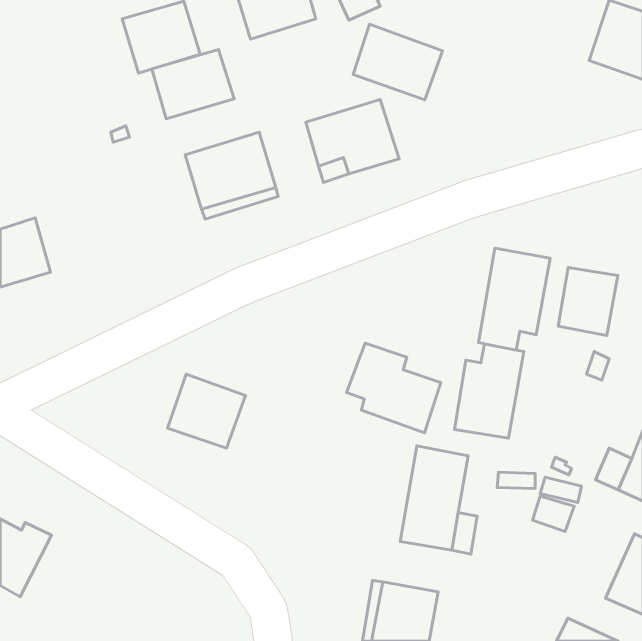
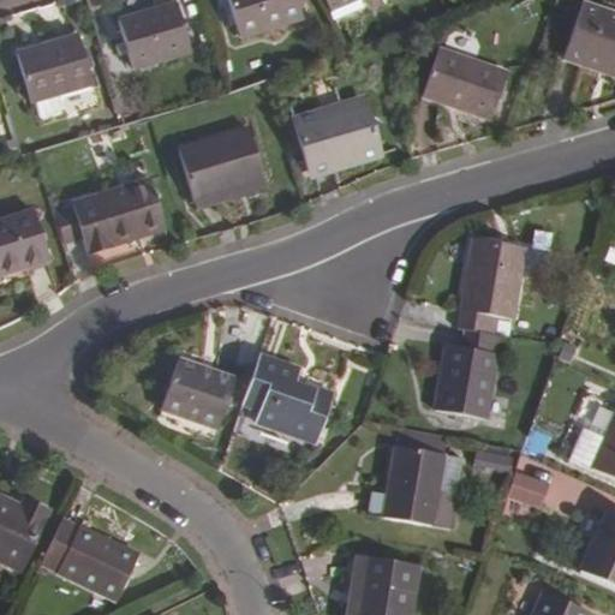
building: [353,24,443,100] -> [423,47,508,119]
building: none -> [17,34,92,101]
building: [152,50,234,119] -> none
building: none -> [53,177,165,253]
building: [558,267,618,336] -> none
building: [346,343,441,433] -> [243,356,333,441]
building: none -> [41,517,139,599]

